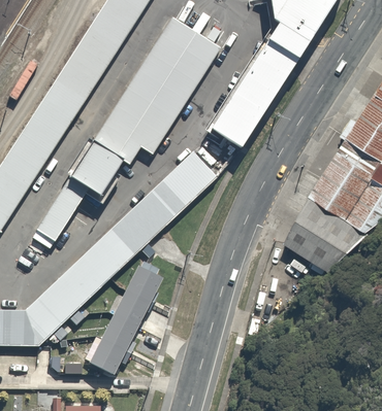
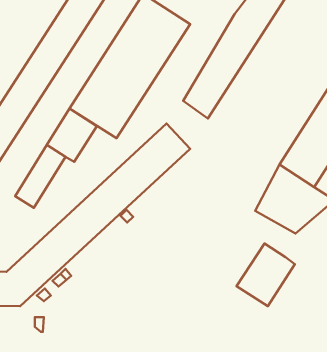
building: [94,261,166,372] -> none
building: none -> [236,244,295,306]

